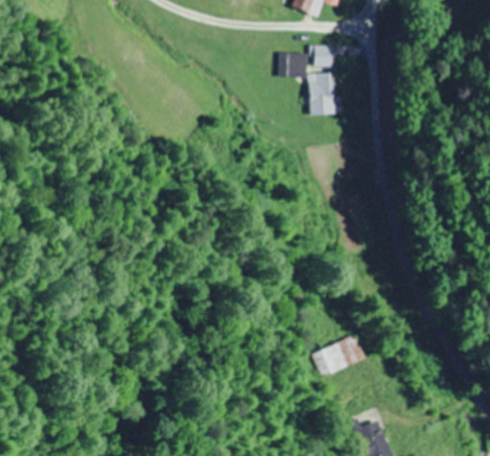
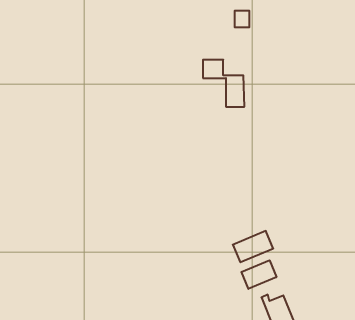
building: [281,53,335,115] -> [203,60,244,107]
building: none -> [241,260,276,289]

